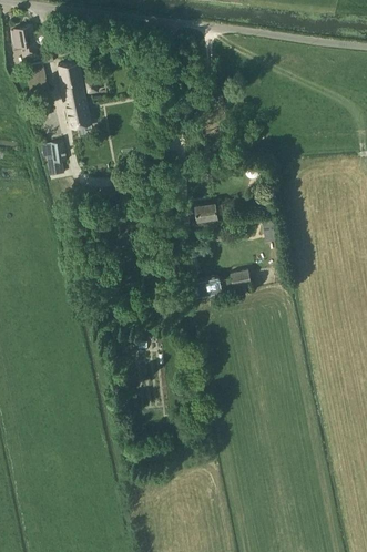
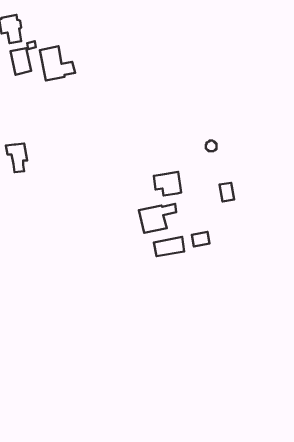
building: [64,94,91,127] -> none
building: [41,142,65,174] -> [6,144,27,172]
building: none -> [139,204,176,233]

